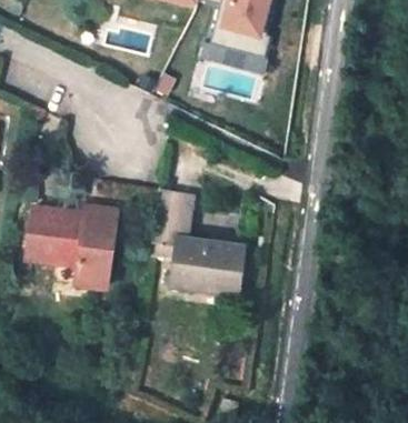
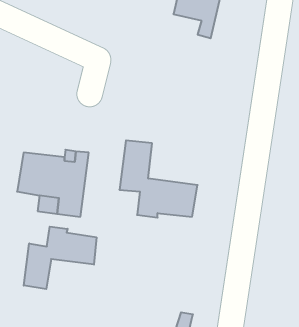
building: none -> [24,227,96,289]

